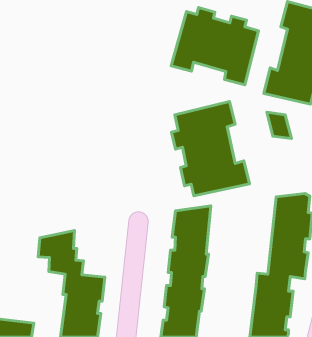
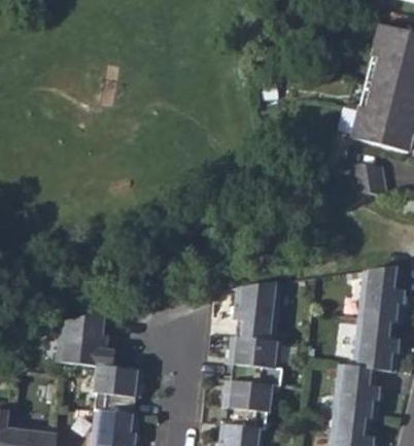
building: [171,8,259,85] -> none
building: [171,101,249,196] -> none

